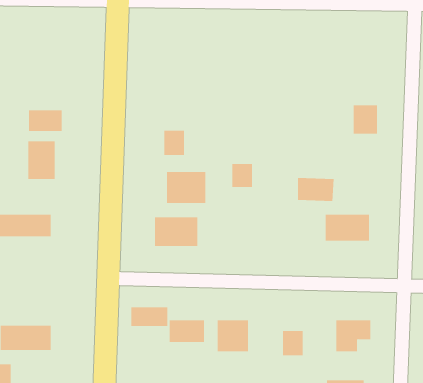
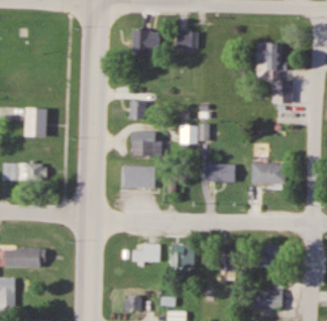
building: none -> [130,31,158,55]
building: none -> [176,31,197,50]
building: none -> [257,43,282,76]
building: [28,109,62,132] -> none
building: [297,178,334,202] -> [206,163,234,181]
building: [131,306,168,327] -> none

